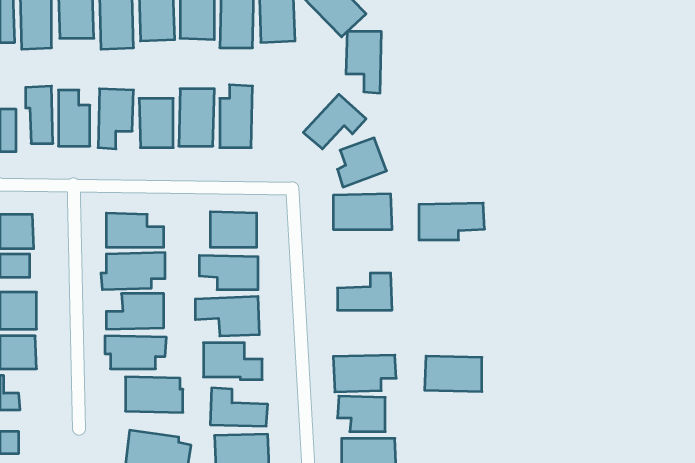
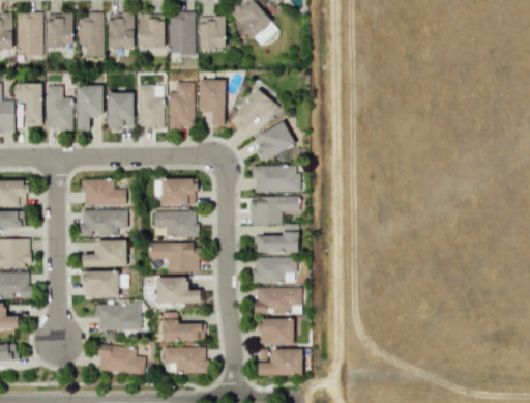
building: [346,32,381,93] -> [199,80,226,126]
building: [419,203,485,240] -> [251,197,300,225]
building: [425,356,482,392] -> [253,257,296,284]

